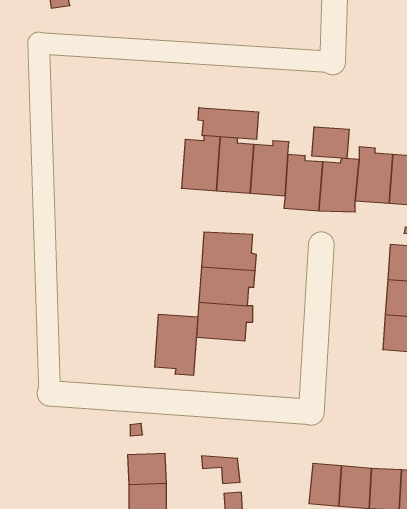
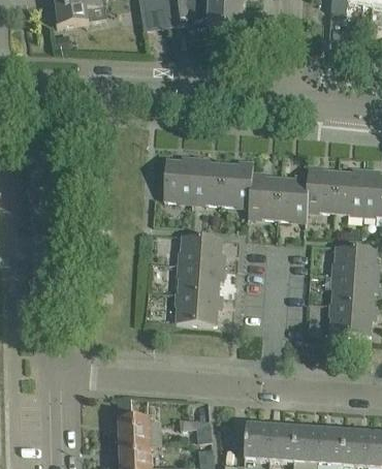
building: [198,107,258,139] -> none
building: [312,127,349,159] -> none
building: [155,314,198,375] -> none
building: none -> [245,425,272,459]

